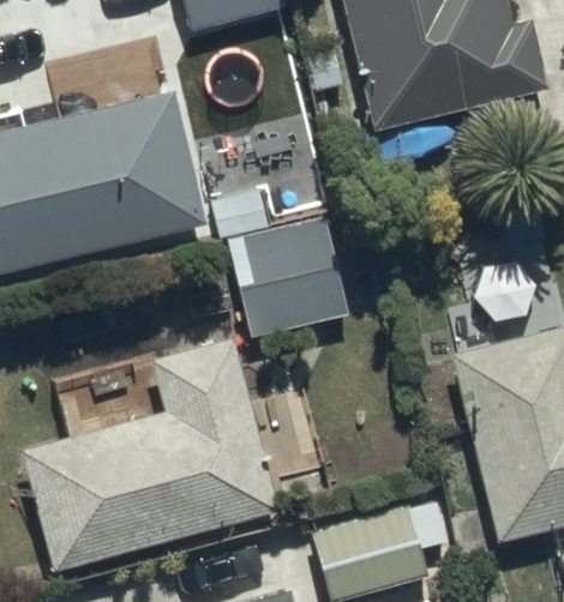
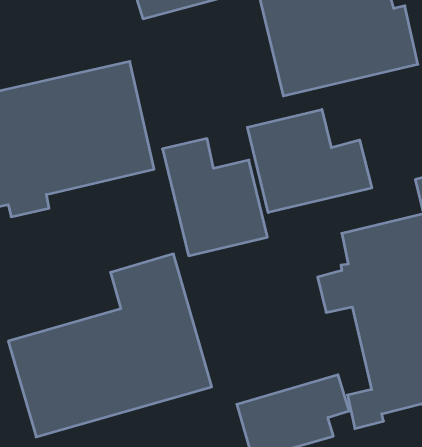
building: none -> [247,109,372,213]

